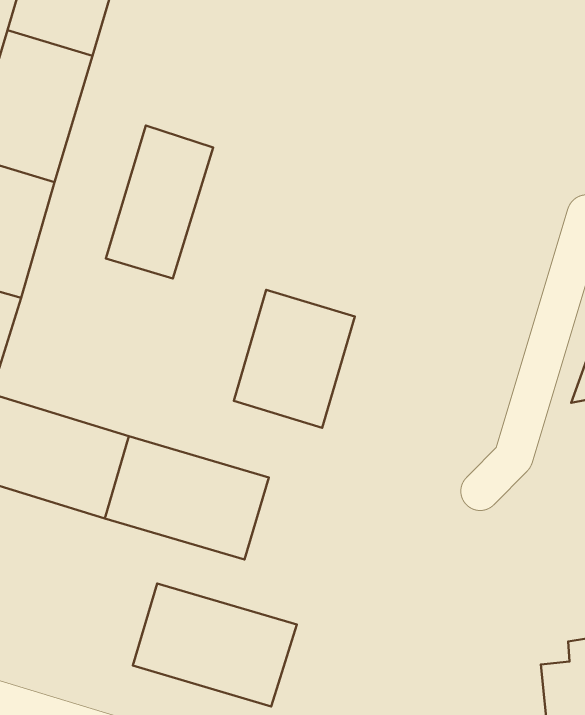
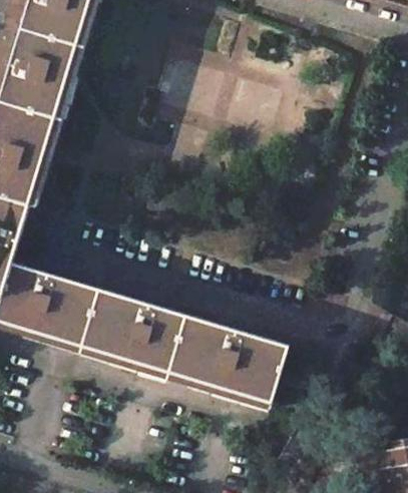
building: [106,126,213,278] -> none
building: [234,290,355,428] -> none
building: [133,583,297,707] -> [176,319,285,400]

